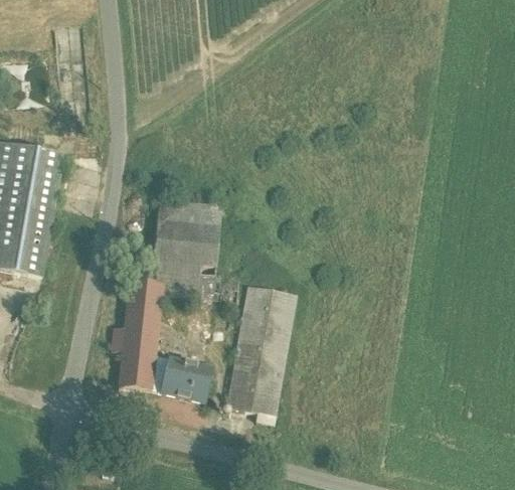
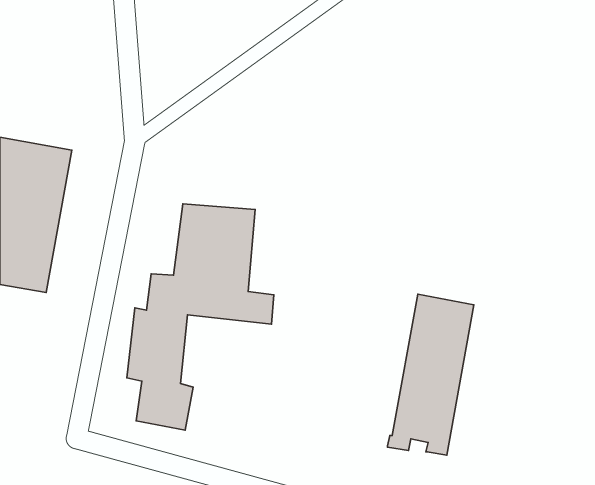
building: [220,286,295,425] -> [387,294,474,455]
building: [160,355,210,402] -> none

